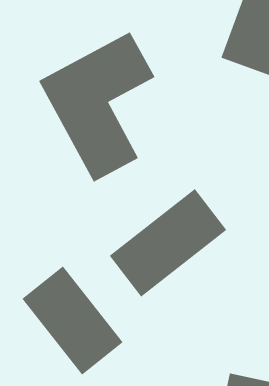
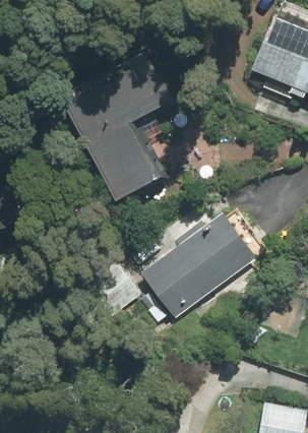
building: [21,265,124,376] -> none

